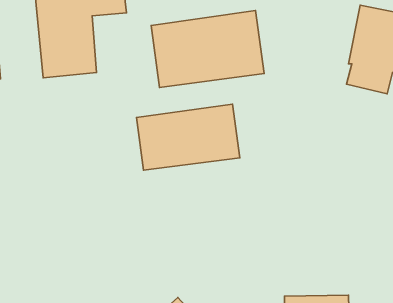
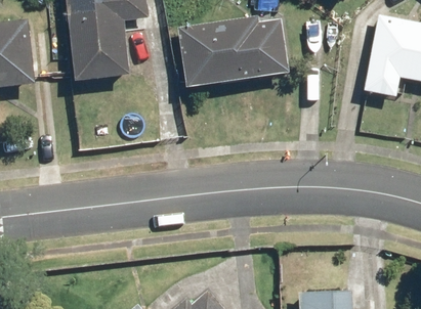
building: [136,104,240,170] -> none

